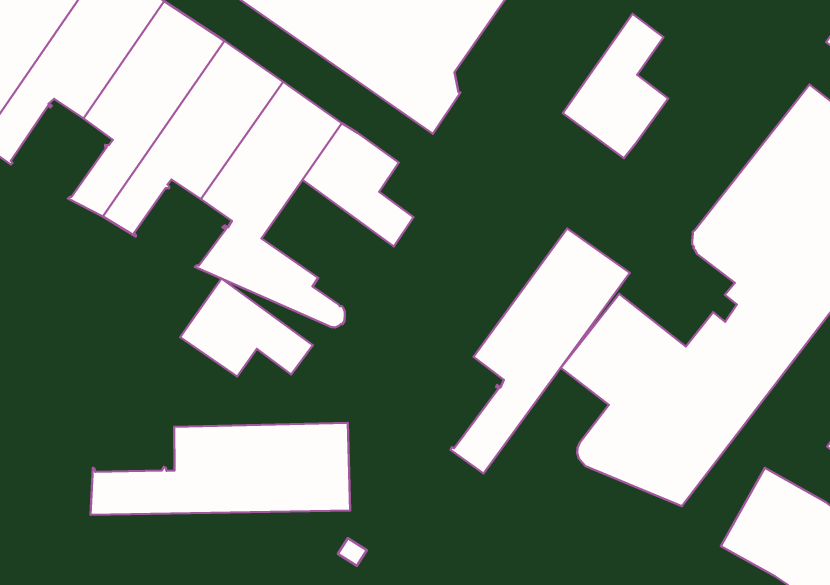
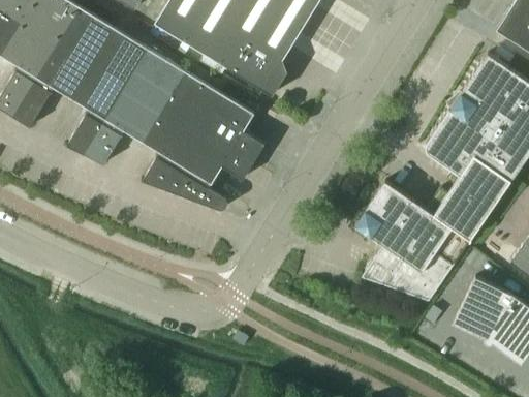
building: [563,14,668,158] -> none
building: [451,228,630,474] -> none
building: [180,279,313,377] -> [178,126,254,182]
building: [91,423,350,515] -> none

